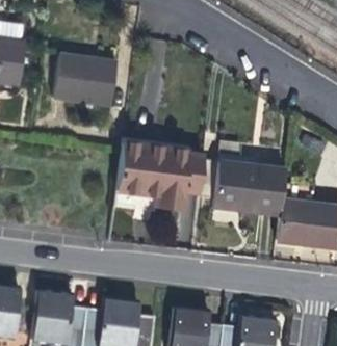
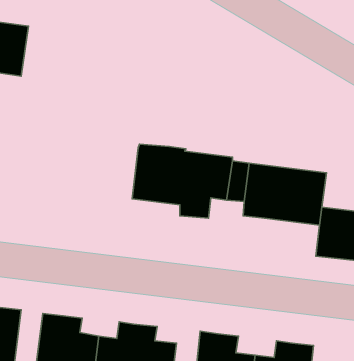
building: [54,53,116,105] -> none

